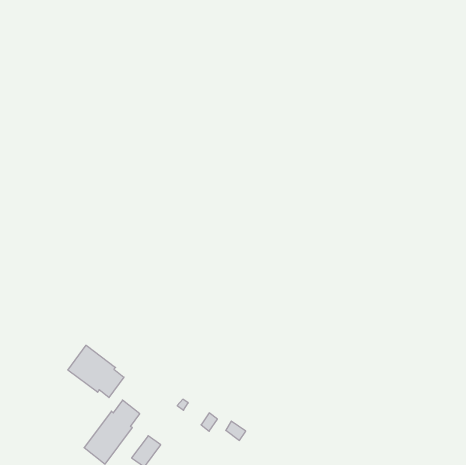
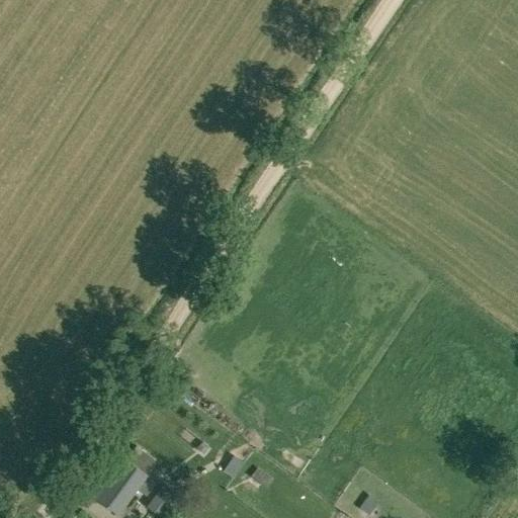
building: [68,345,124,398] -> none

